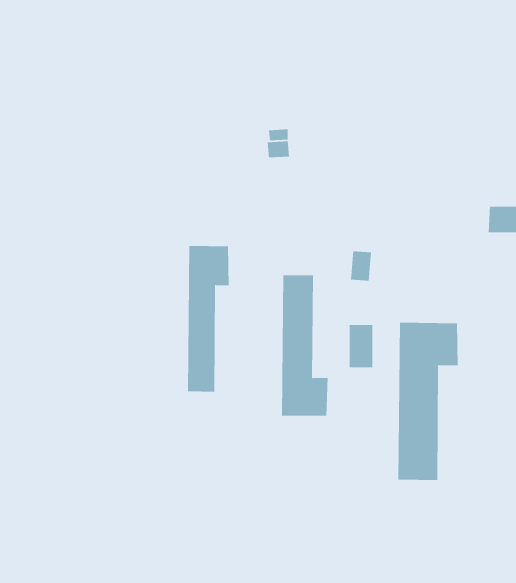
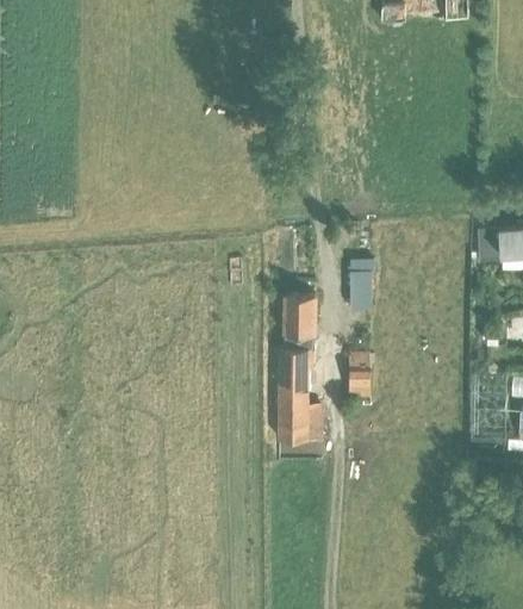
building: [188,245,229,392] -> none
building: [398,322,458,481] -> none

